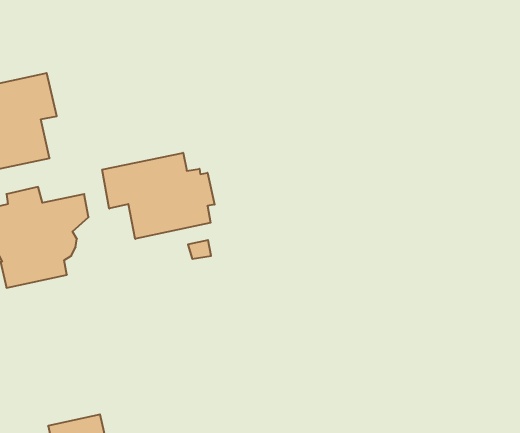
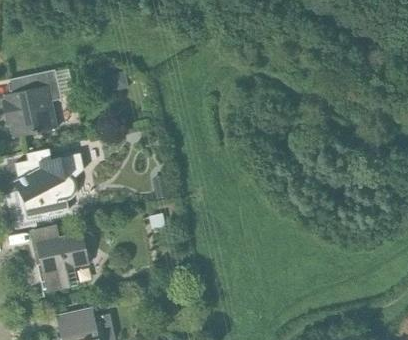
building: [102,153,215,239] -> none
building: none -> [35,233,88,293]

